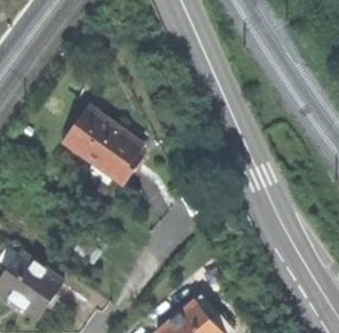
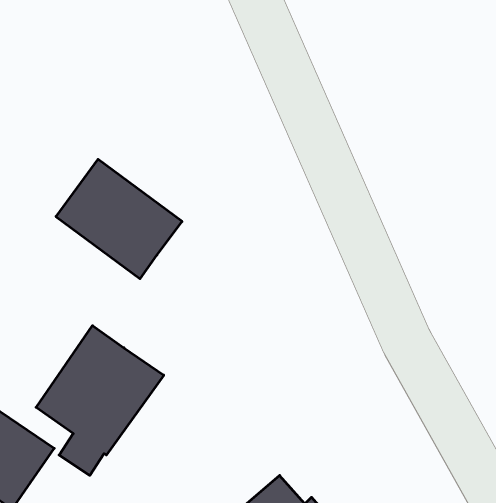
building: none -> [36,326,164,475]

